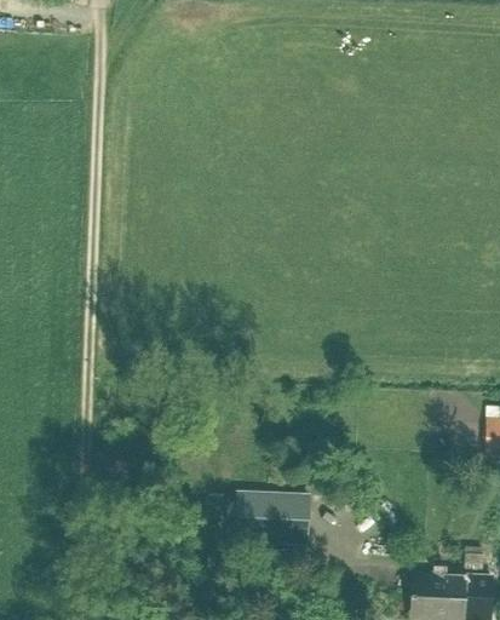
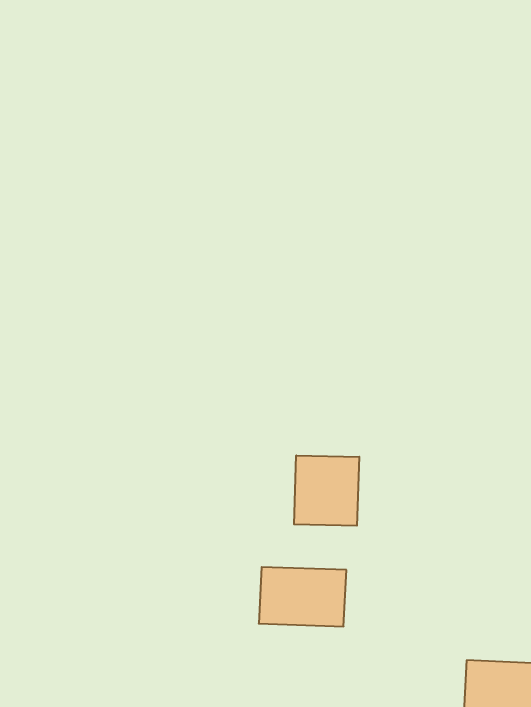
building: none -> [294,455,359,526]

